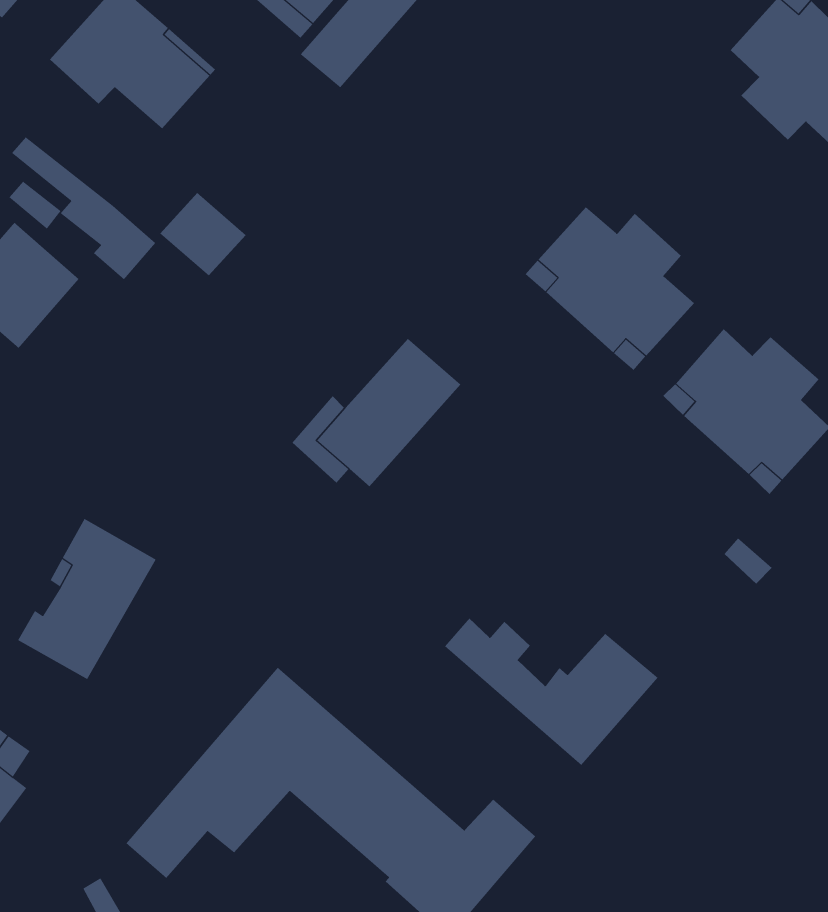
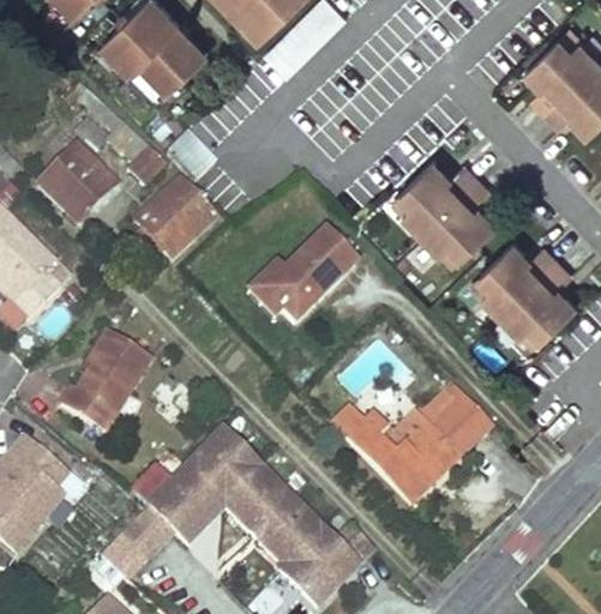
building: none -> [137,179,212,254]
building: none -> [428,381,491,453]

